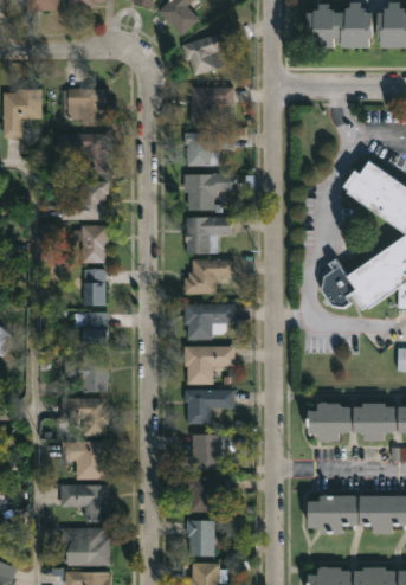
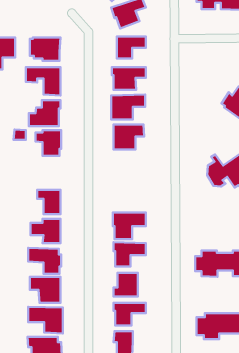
building: [183,259,233,294] -> none
building: [82,269,105,306] -> none
building: [185,303,234,339] -> none

